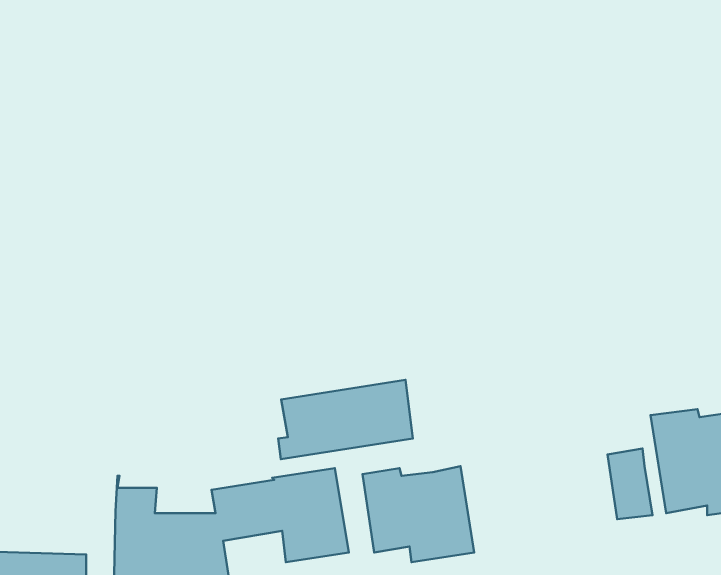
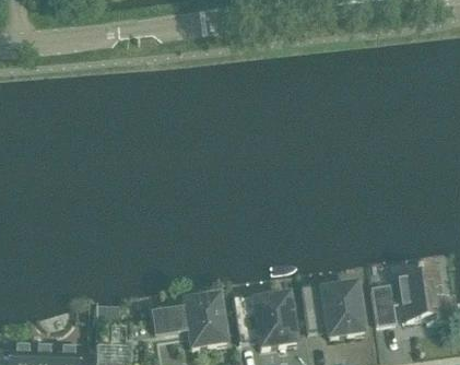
building: [278,380,413,459] -> none
building: none -> [302,284,366,337]

